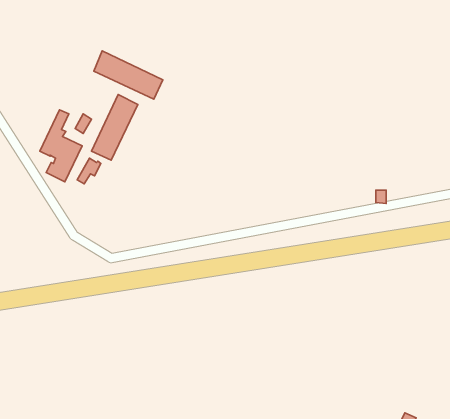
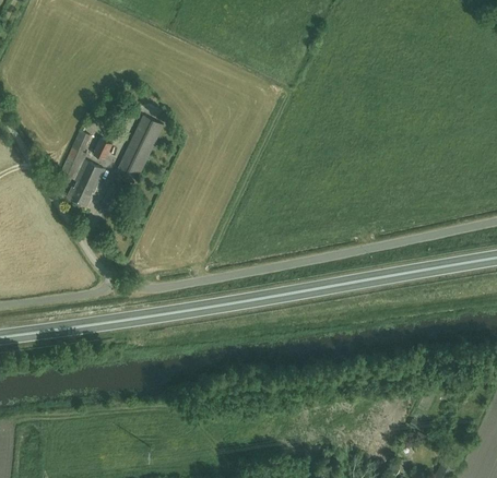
building: [94,51,163,99] -> none

